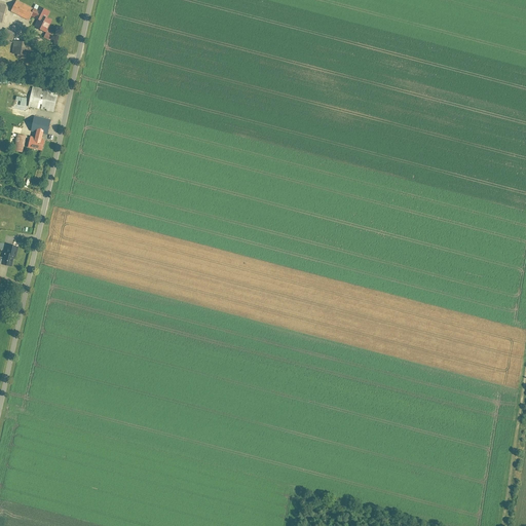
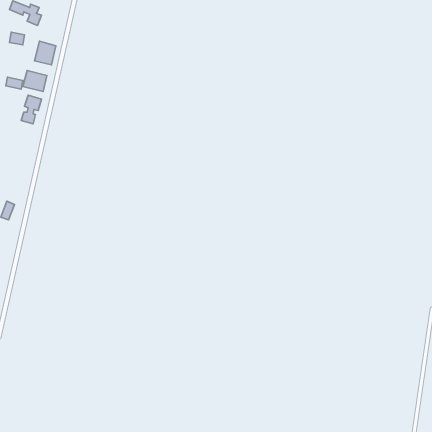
building: none -> [34,41,56,65]

